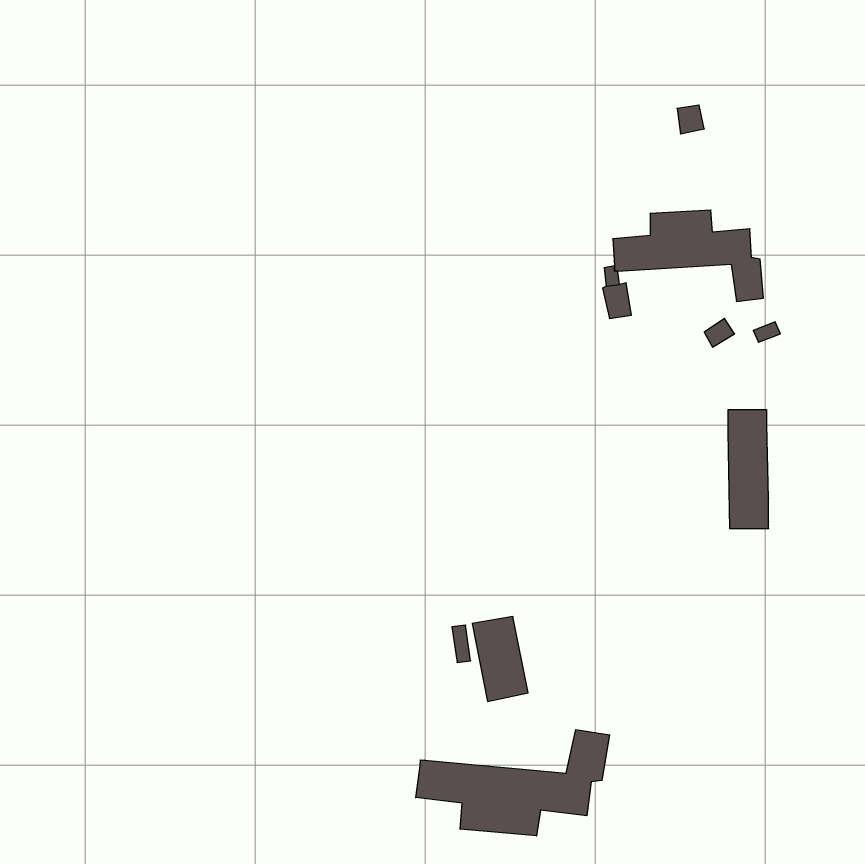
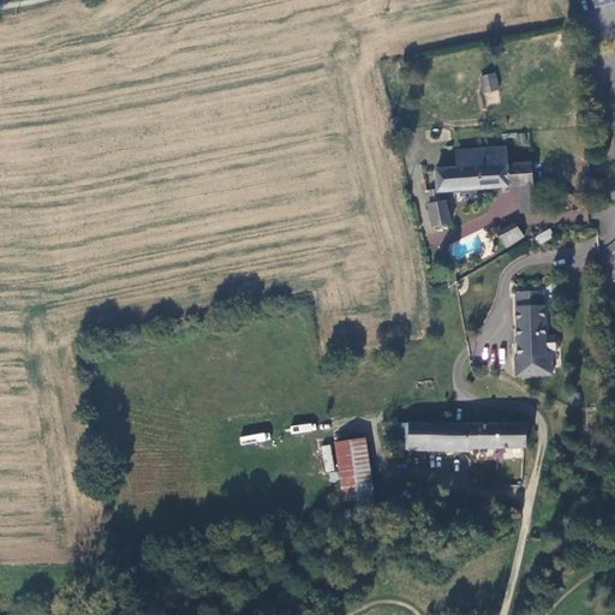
building: none -> [390,424,527,450]
building: [416,730,609,836] -> none

